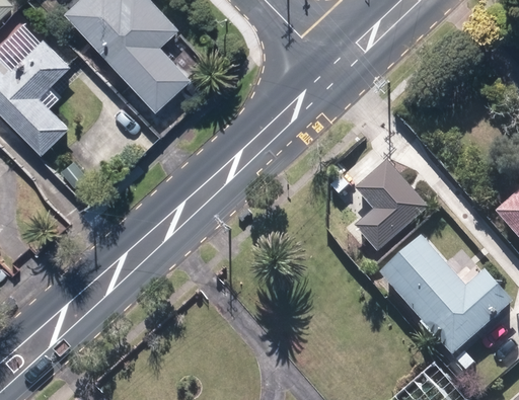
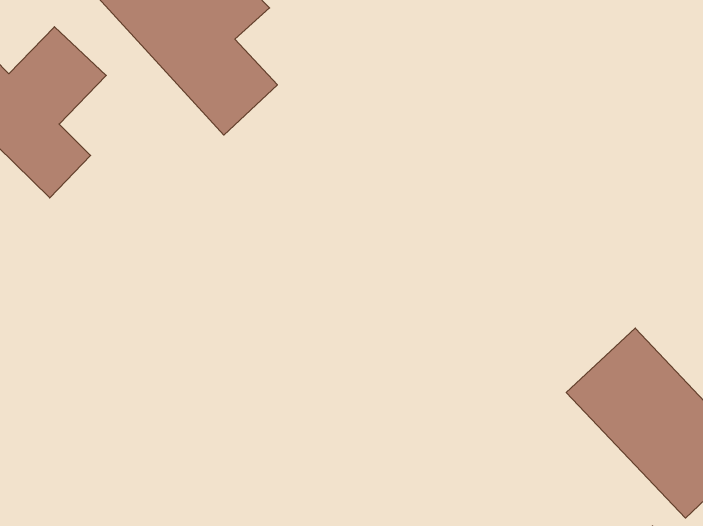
building: [354,160,429,251] -> none

